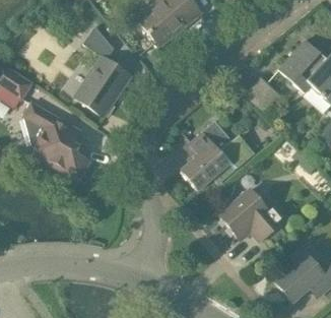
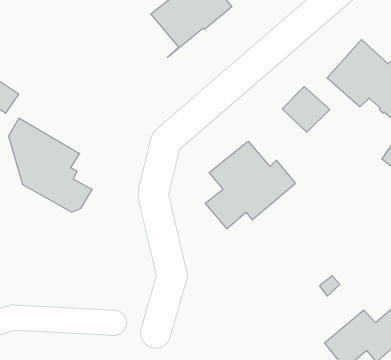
building: [74,25,131,116] -> none
building: [219,188,285,241] -> none

